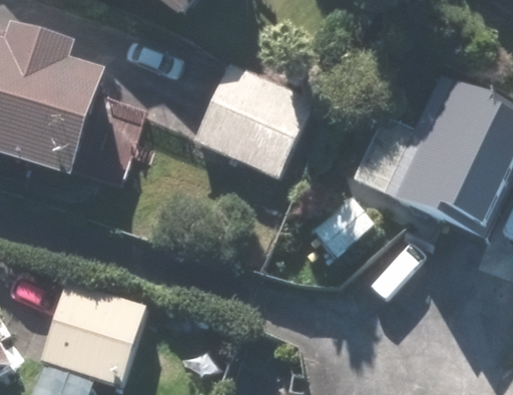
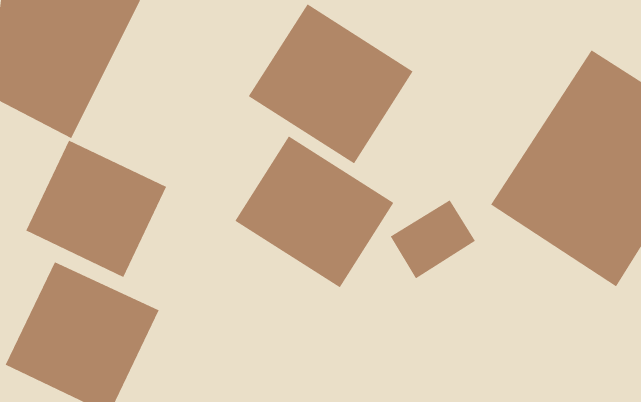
building: none -> [235,135,394,288]
building: none -> [26,140,167,278]

